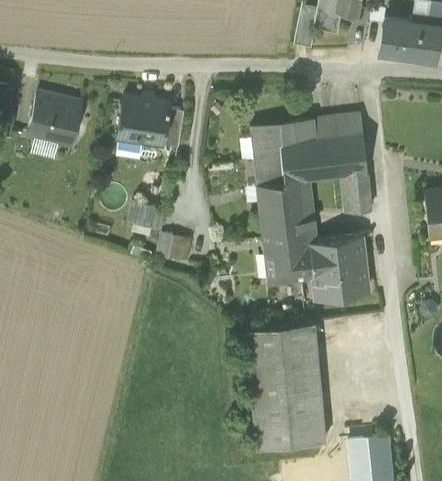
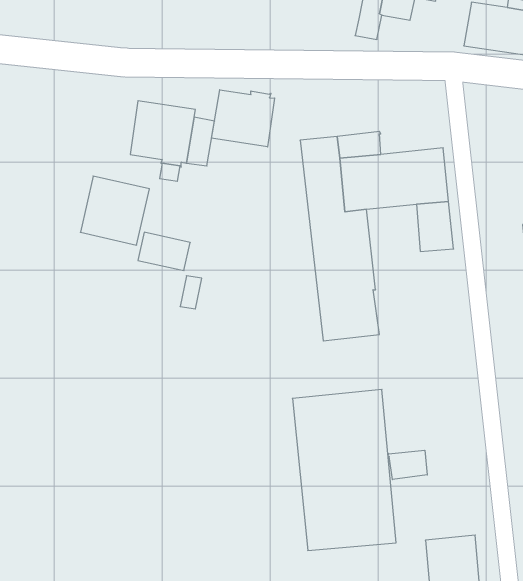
building: none -> [212,90,275,147]
building: [28,93,82,147] -> [80,176,149,245]
building: [313,116,363,138] -> none
building: [308,237,369,299] -> none
building: none -> [388,450,427,480]

